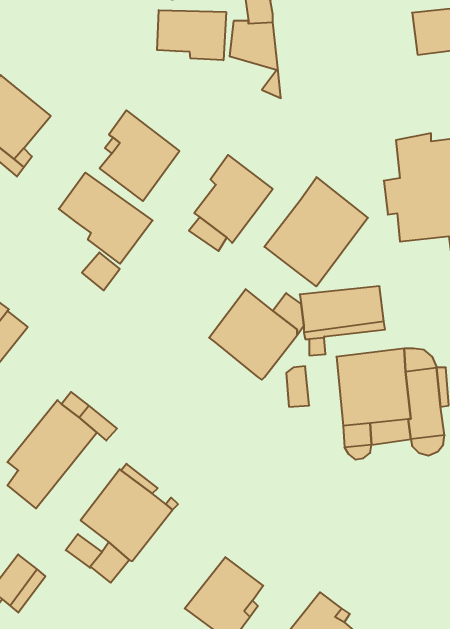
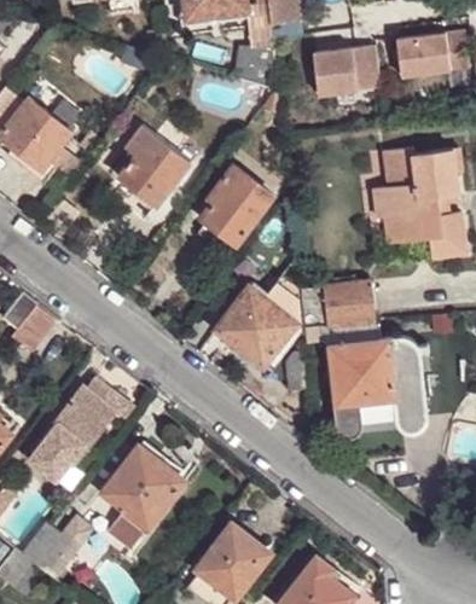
building: [157,10,226,60] -> none
building: none -> [313,46,381,94]
building: [59,173,153,264] -> none
building: [264,177,368,286] -> none

